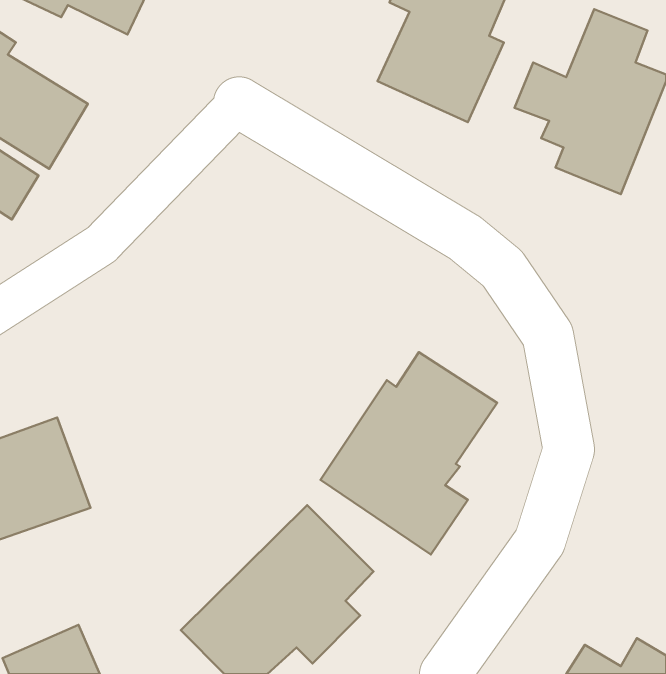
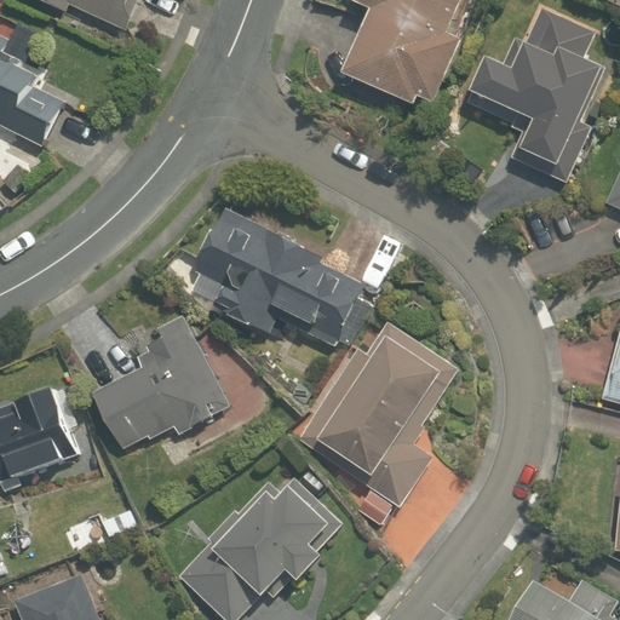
building: none -> [194,211,368,348]
building: none -> [91,312,225,454]

